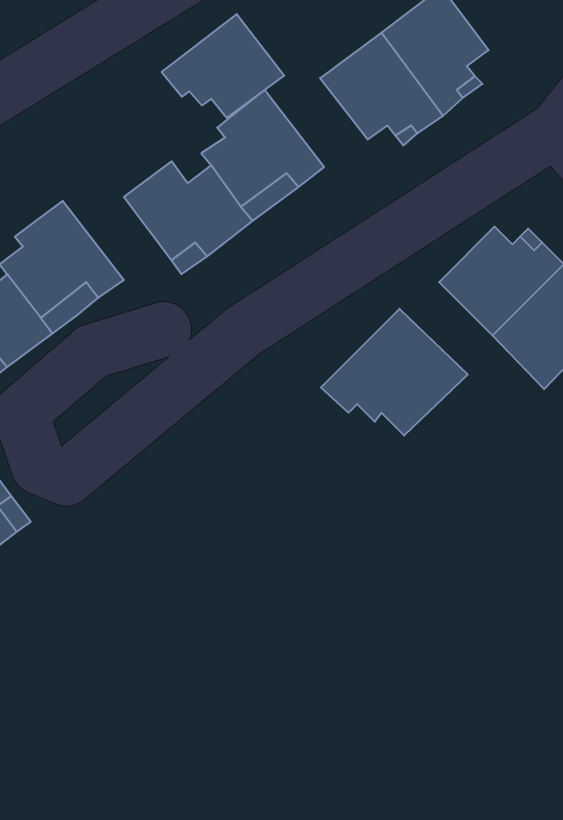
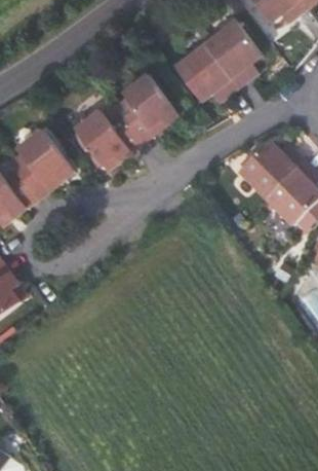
building: [162,14,284,118] -> none
building: [321,309,468,436] -> none

